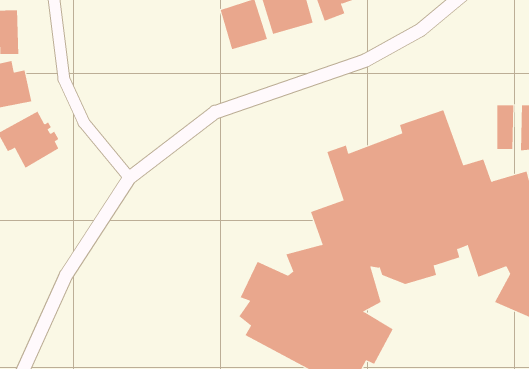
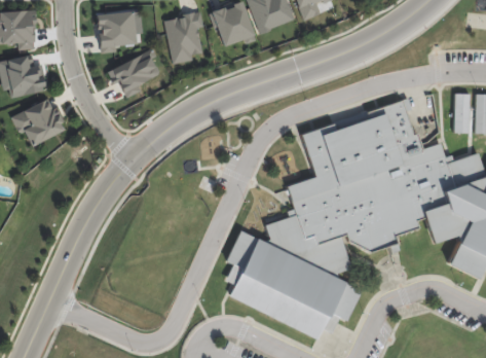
building: none -> [96,11,134,52]
building: none -> [162,11,201,64]
building: none -> [105,51,159,98]

